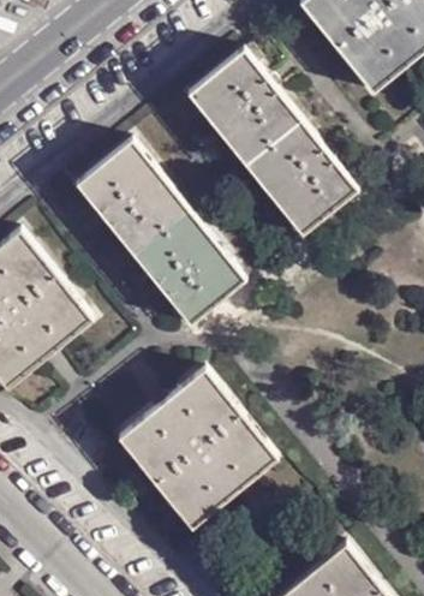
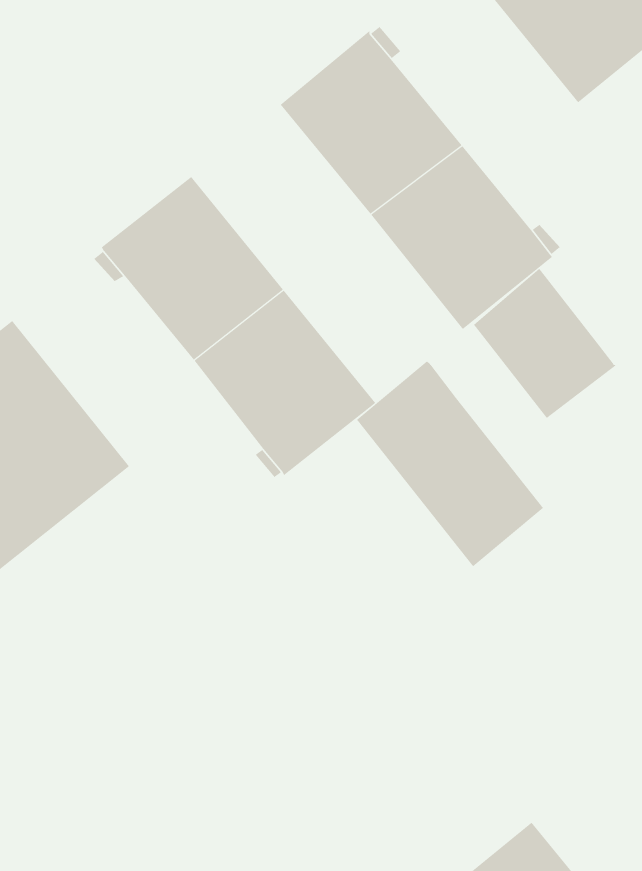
building: none -> [473,268,617,419]
building: none -> [356,361,544,567]
building: [118,368,277,529] -> none

